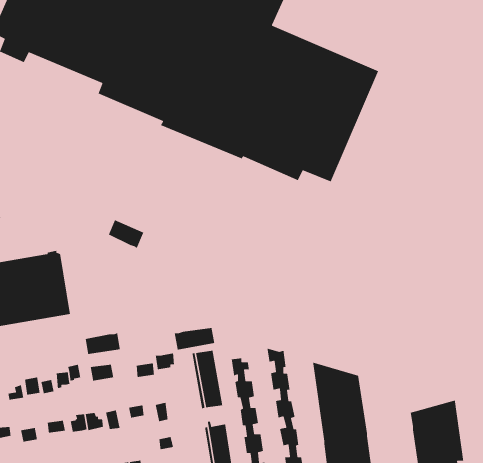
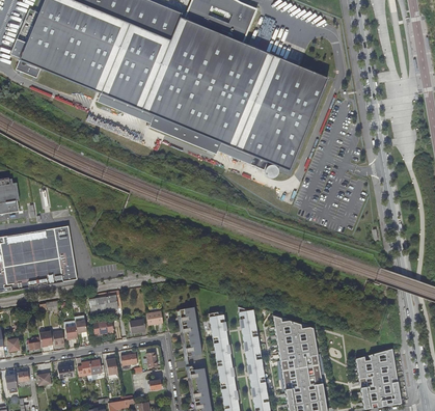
building: [108,219,144,249] -> none
building: [174,327,215,350] -> none

